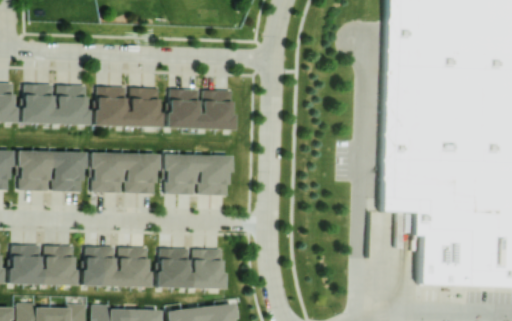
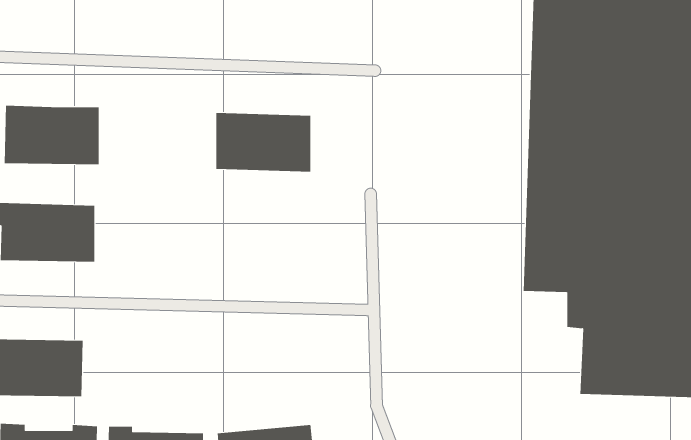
building: [94,85,160,126] -> none
building: [91,152,157,193] -> none
building: [162,154,230,194] -> none
building: [83,246,150,286] -> none
building: [157,247,224,288] -> none

